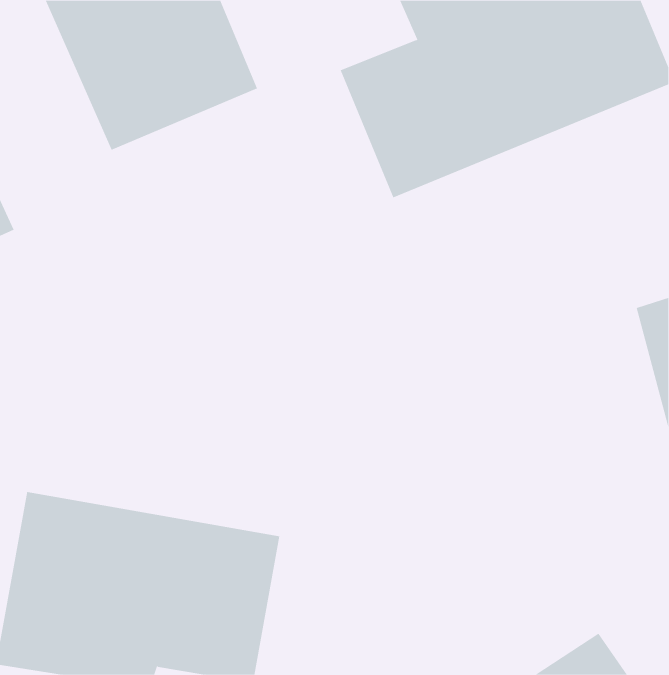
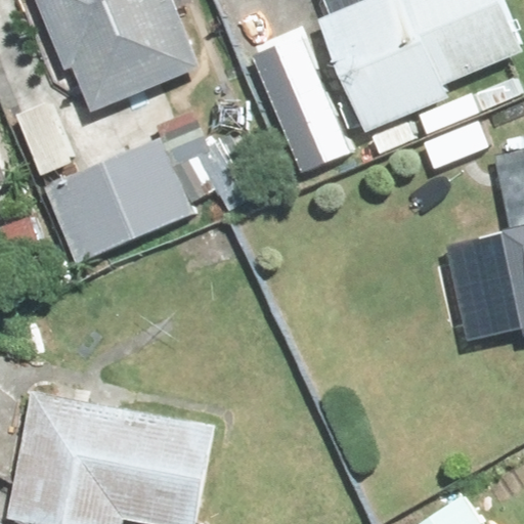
building: none -> [37,138,189,268]

